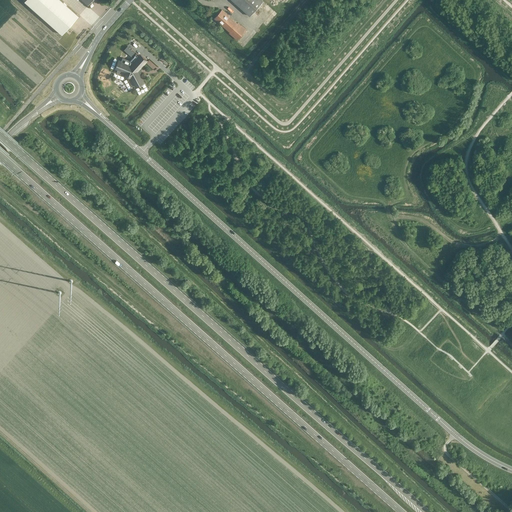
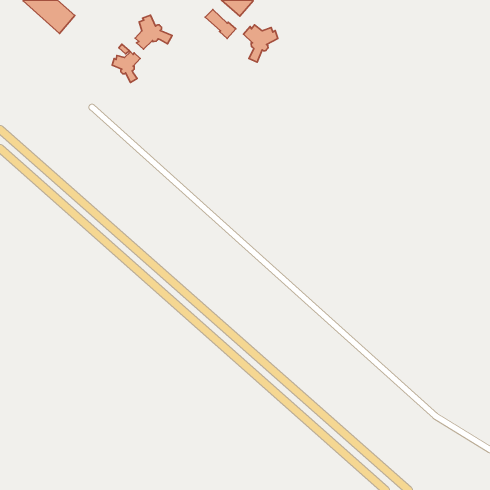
building: none -> [135,15,172,49]
building: none -> [244,25,278,62]

